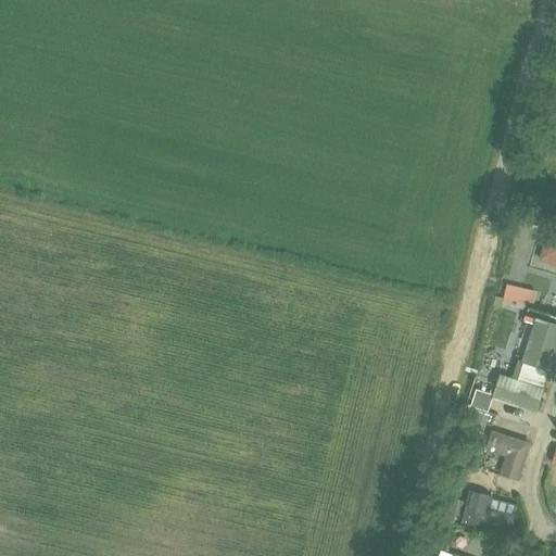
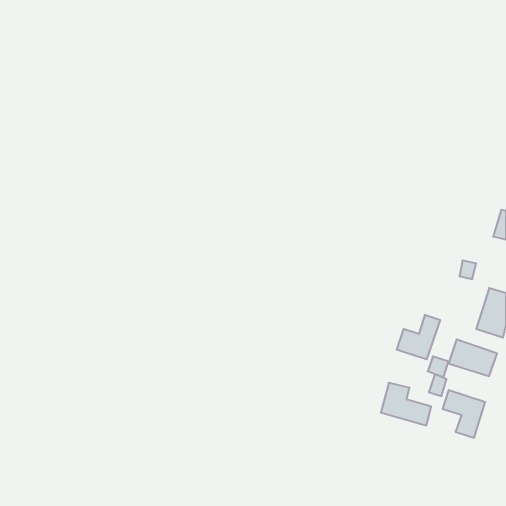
building: none -> [397,315,440,359]
building: [462,489,517,535] -> [381,383,431,425]

